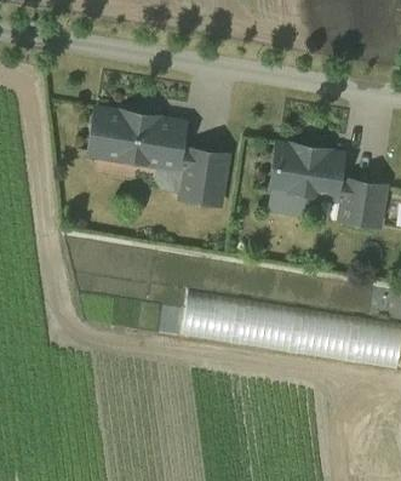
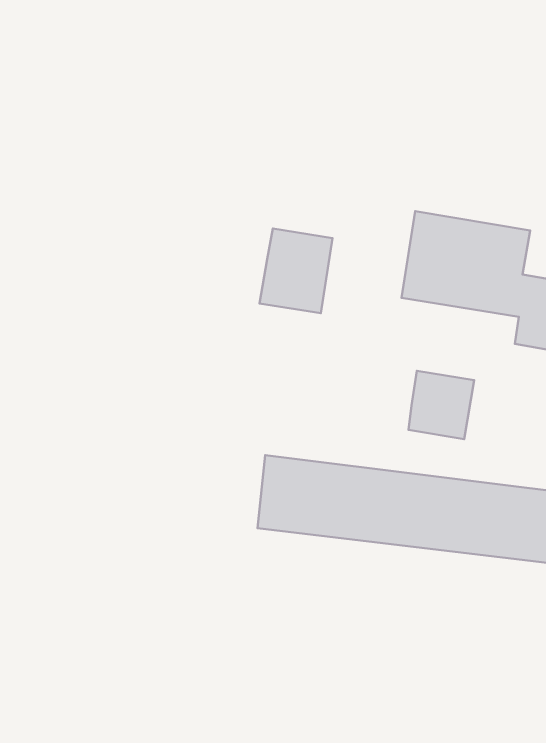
building: [87,109,188,168] -> none
building: none -> [408,371,474,439]

